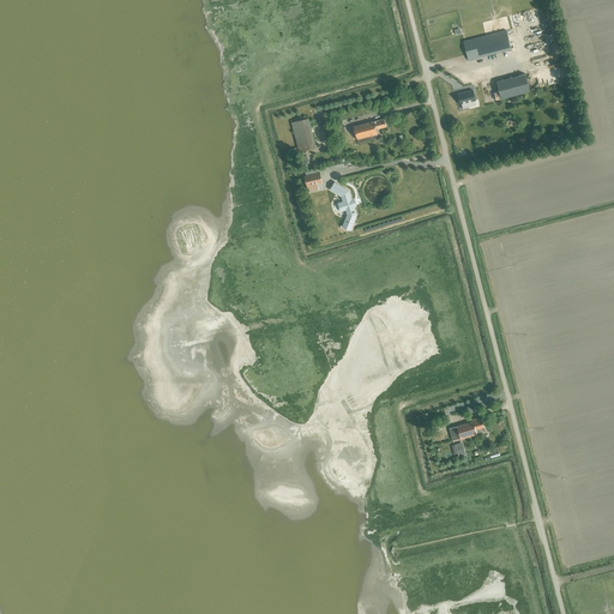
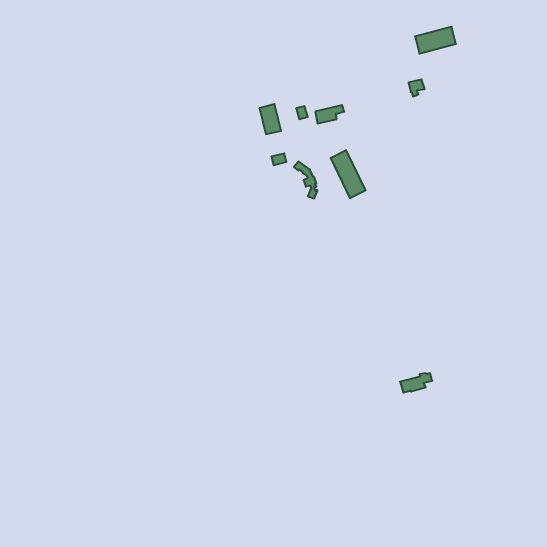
building: [494,74,529,100] -> none
building: none -> [331,150,365,198]

